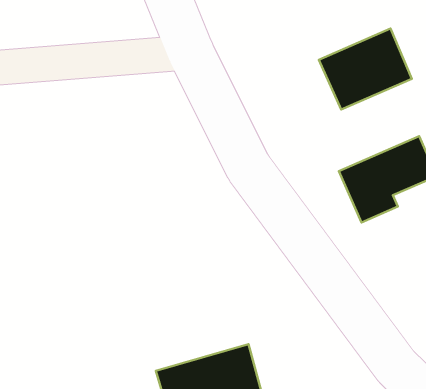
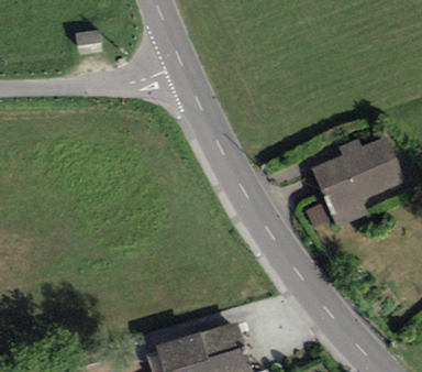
building: [319,29,412,110] -> none

